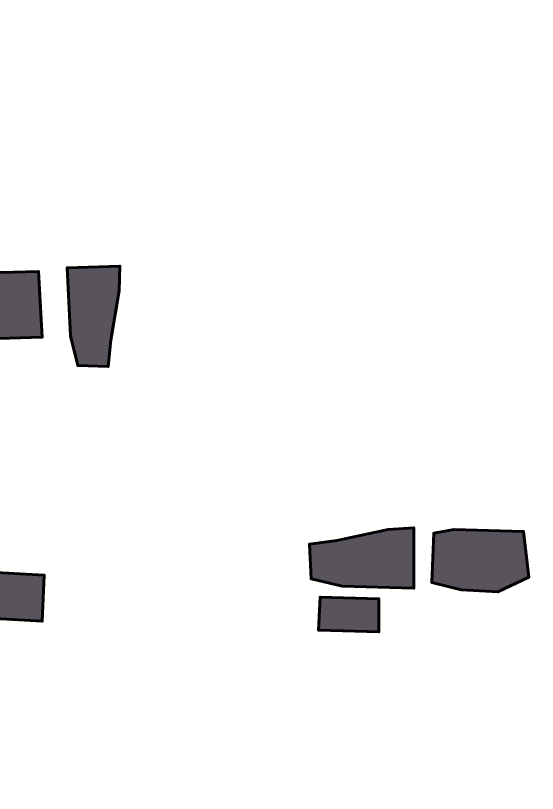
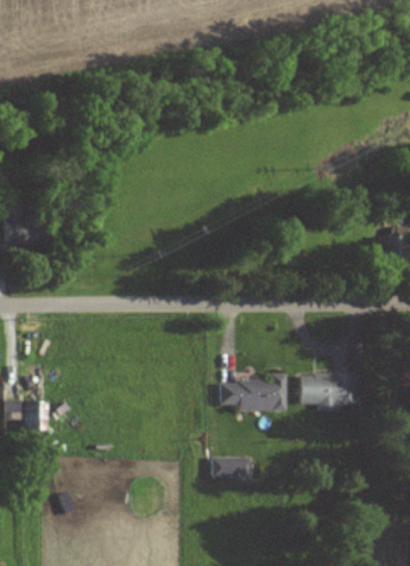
building: [67,266,120,366] -> none
building: [318,597,379,632] -> [213,455,252,478]

